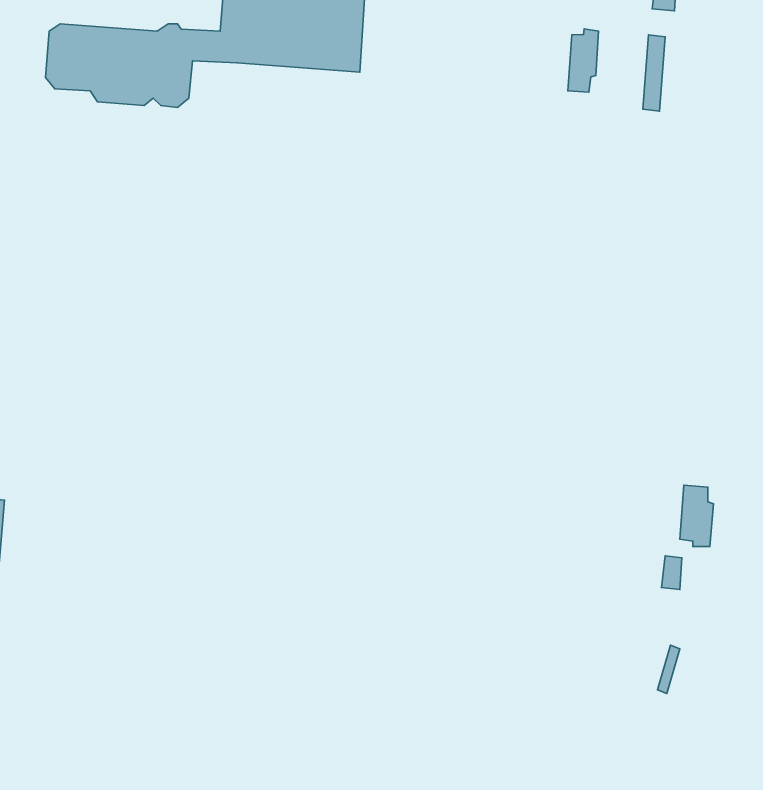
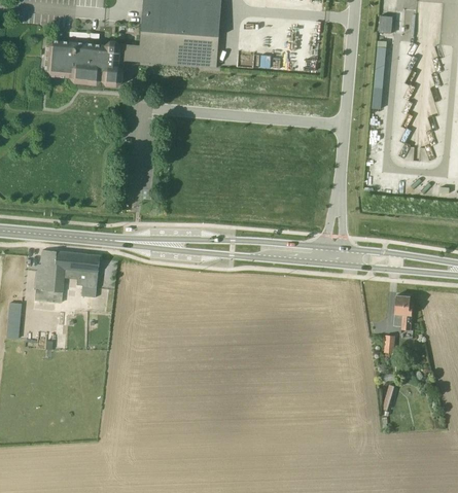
building: [568,29,599,92] -> none
building: none -> [33,249,99,303]

